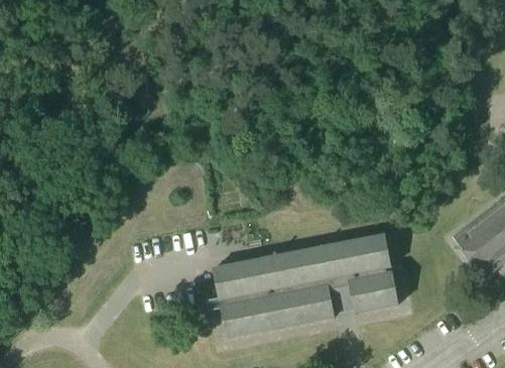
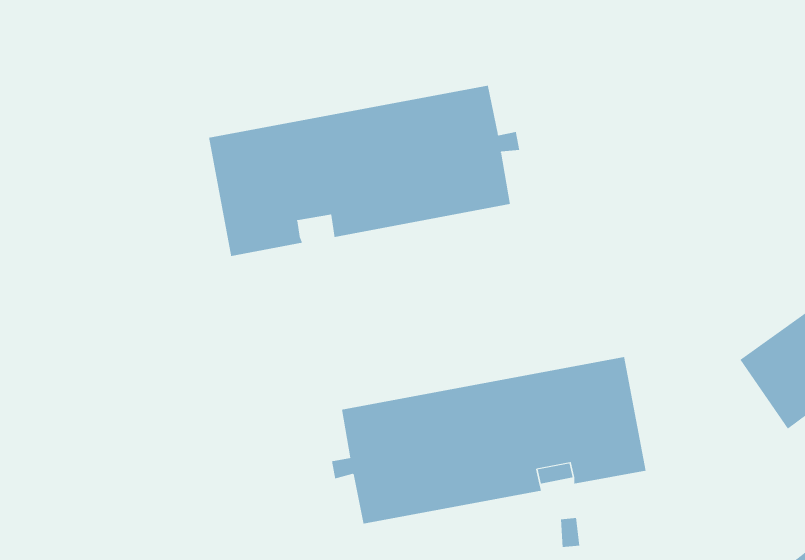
building: none -> [209,85,520,257]

